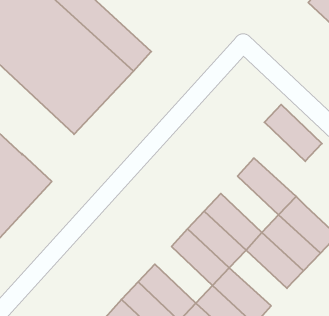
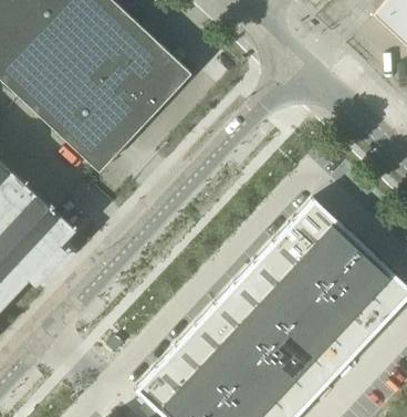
building: [264,105,322,161] -> [272,220,341,288]
building: none -> [194,304,262,372]
building: none -> [282,309,351,375]

